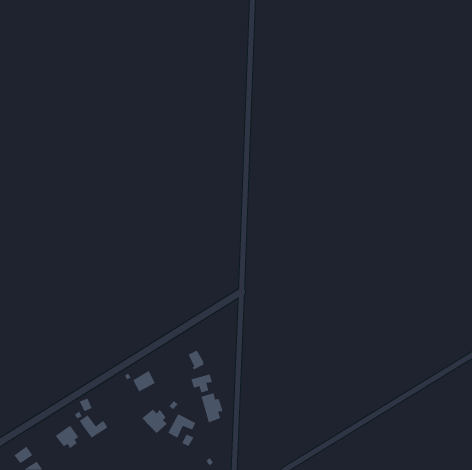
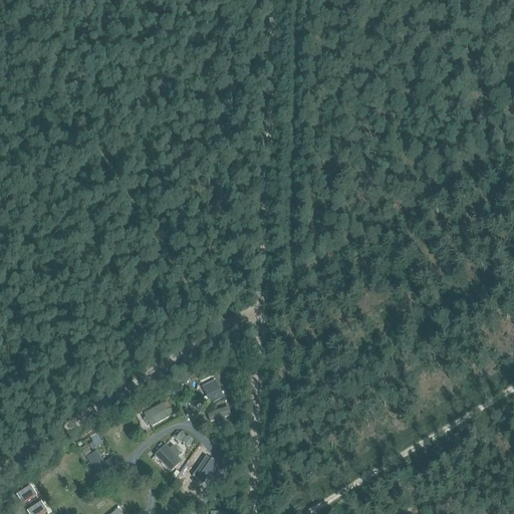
building: [201,392,223,423] -> none
building: [55,425,79,449] -> none

